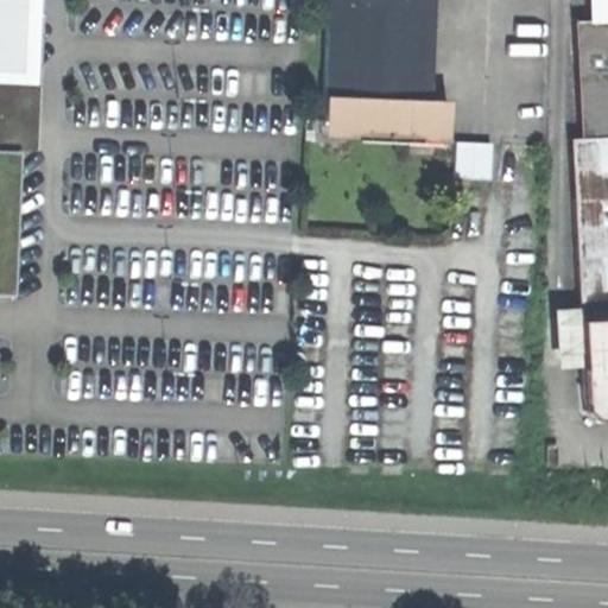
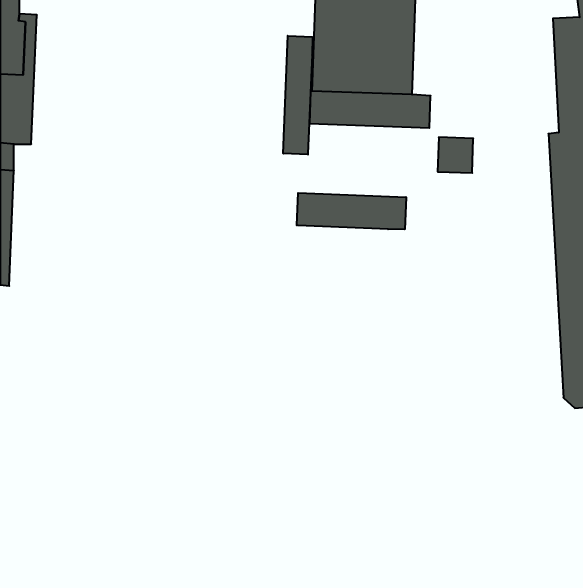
building: none -> [283,36,312,155]
building: none -> [297,193,406,229]

